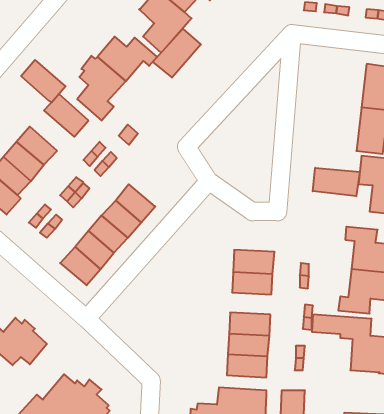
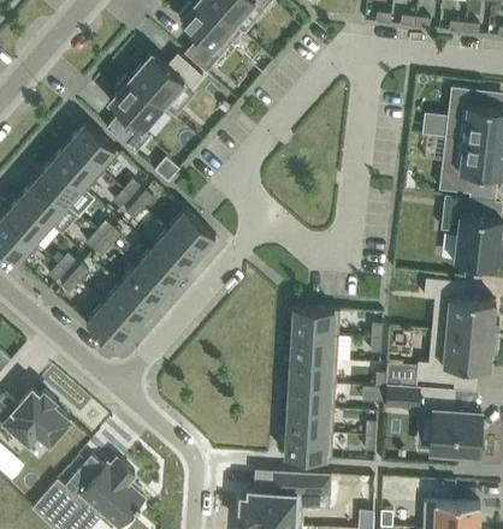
building: [153,29,201,78] -> none
building: [21,60,66,102] -> [49,143,102,194]
building: [313,168,360,196] -> none
building: none -> [167,212,215,257]
building: none -> [288,359,337,386]

